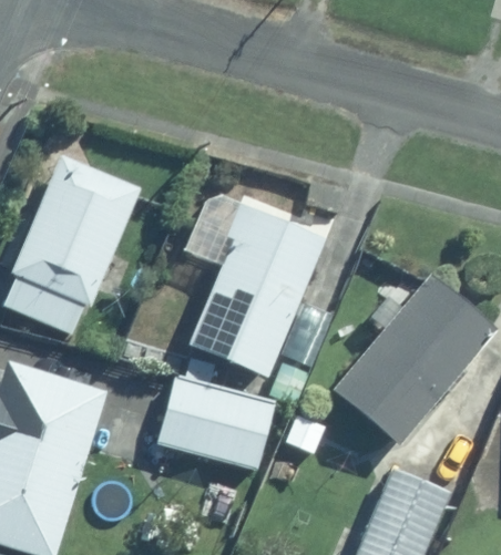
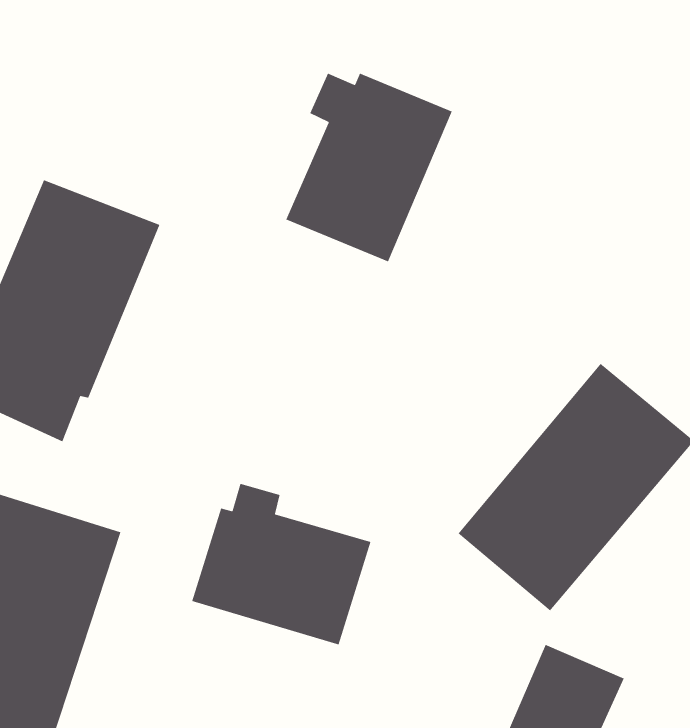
building: none -> [285,72,453,262]
building: [183,203,319,376] -> none

